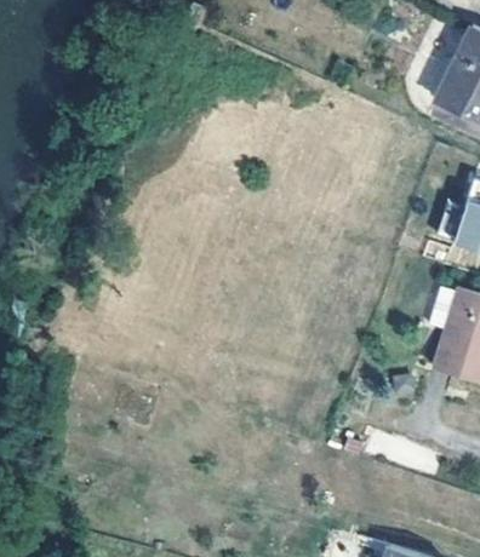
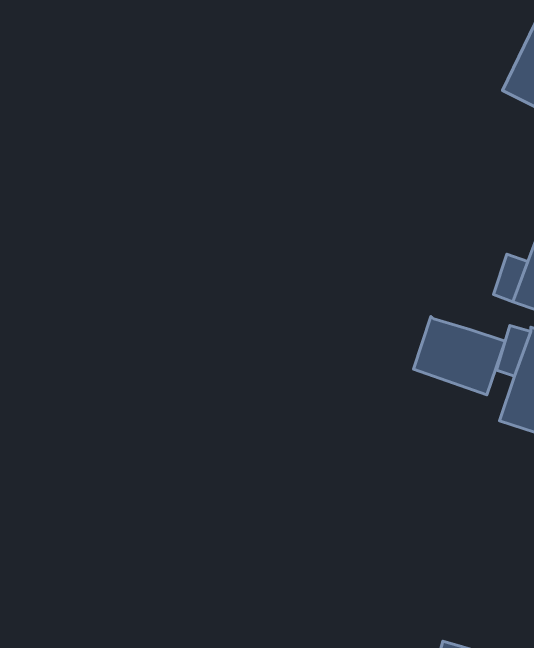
building: none -> [413,317,505,395]

